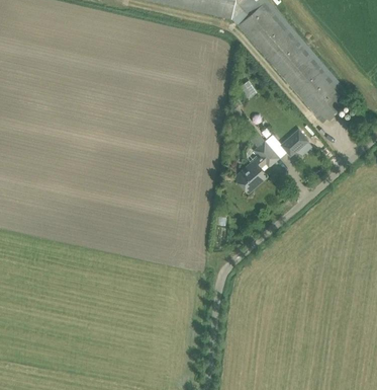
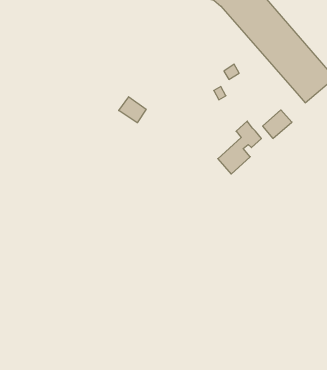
building: none -> [119,97,146,123]

